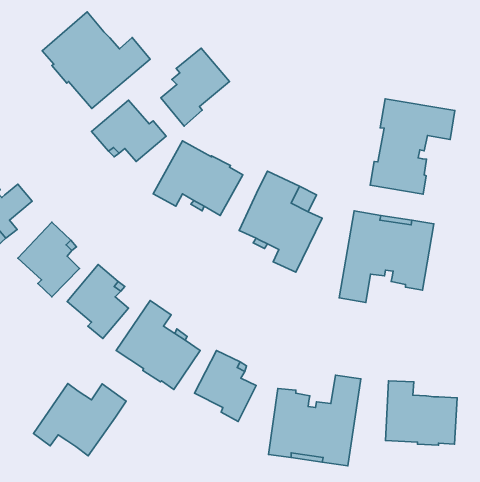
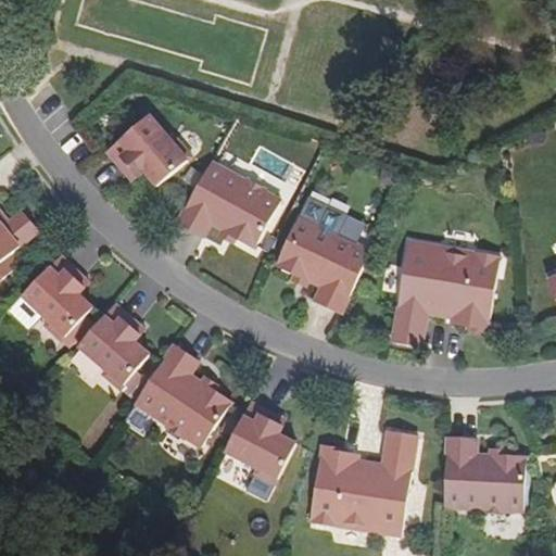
building: [42,12,150,108] -> none
building: [161,48,229,126] -> none
building: [370,99,455,194] -> none
building: [34,383,126,456] -> none

